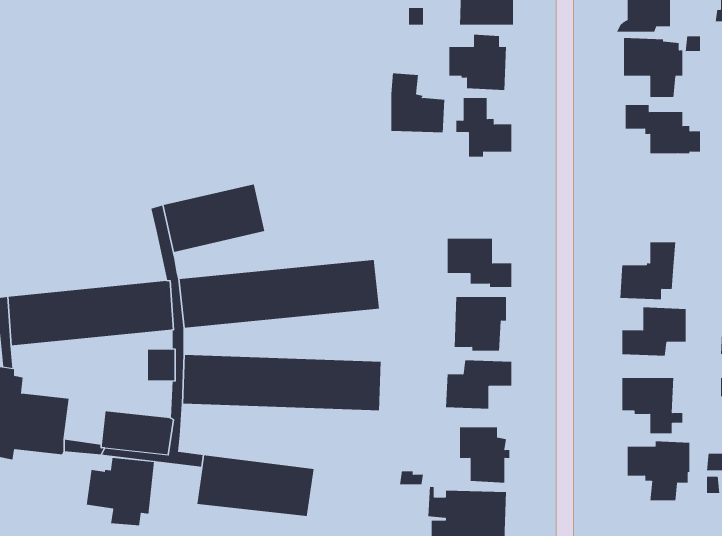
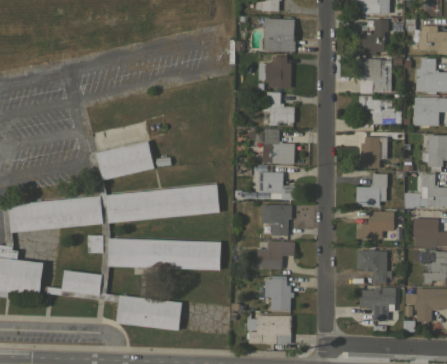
building: [390,73,445,133] -> [264,129,295,163]
building: none -> [360,137,381,169]
building: [86,457,154,526] -> none

